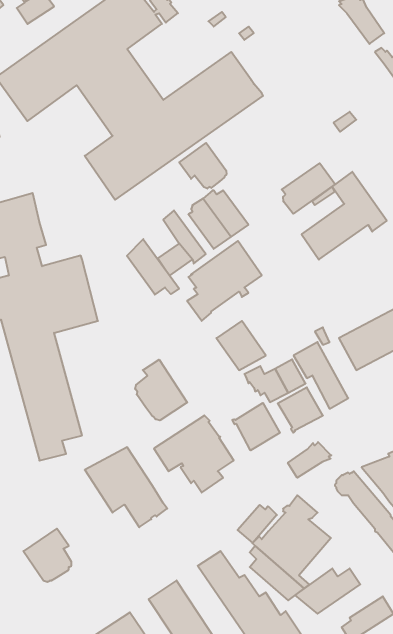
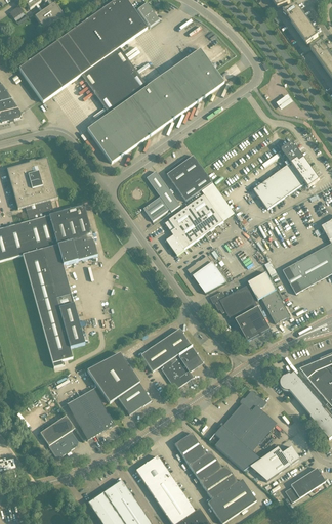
building: [179,143,226,189] -> none
building: [282,163,335,214] -> none
building: [127,239,179,295] -> none
building: [135,360,187,420] -> none
building: [232,403,280,450] -> none
building: [288,442,331,478] -> none
building: none -> [66,388,114,439]
building: [238,505,277,543] -> none

